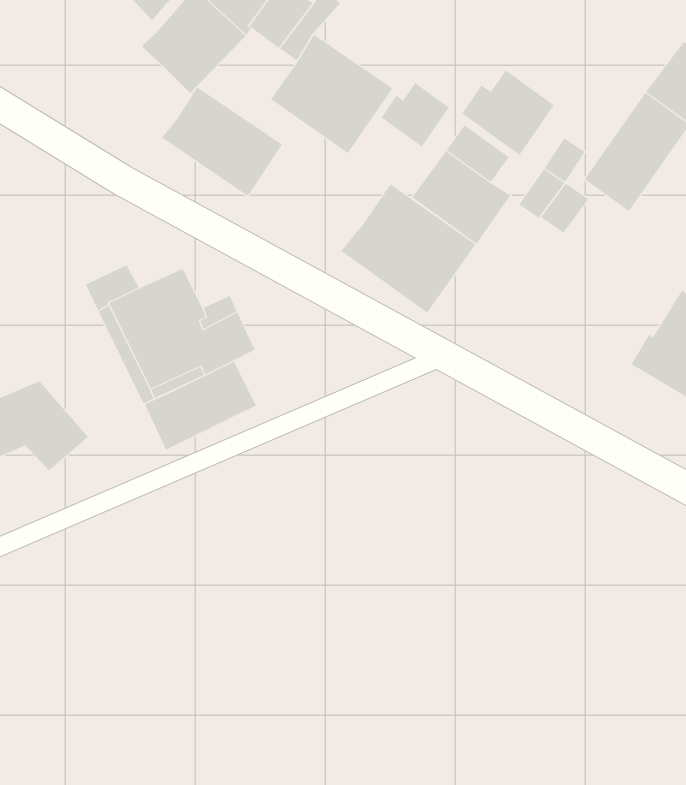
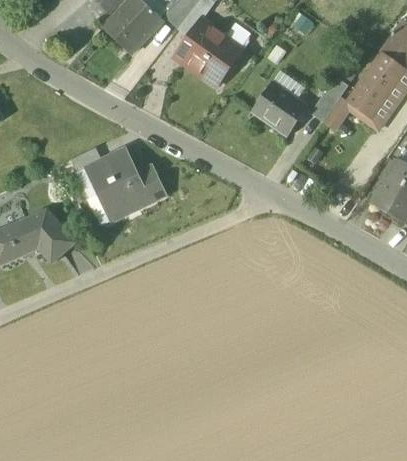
building: [461,69,554,156] -> none
building: [381,82,449,147] -> none
building: [161,87,283,197] -> none
building: [341,183,476,314] -> none
building: [144,361,257,450] -> none

